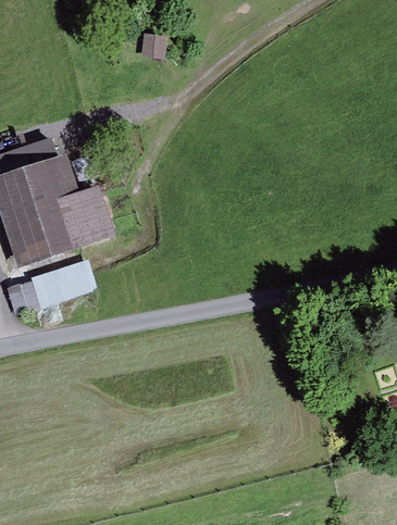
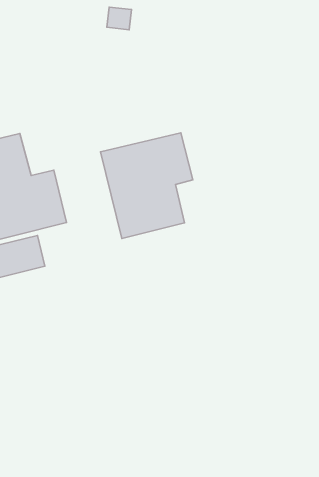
building: none -> [101,133,193,239]

